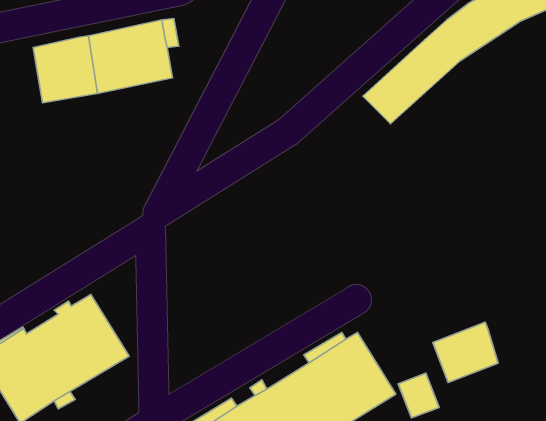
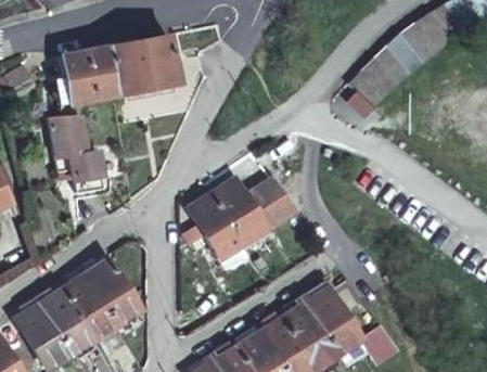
building: none -> [49,115,103,195]
building: none -> [188,178,294,256]
building: [433,322,498,382] -> none

